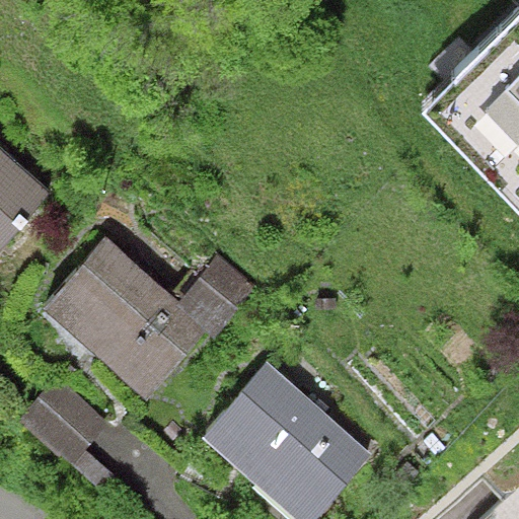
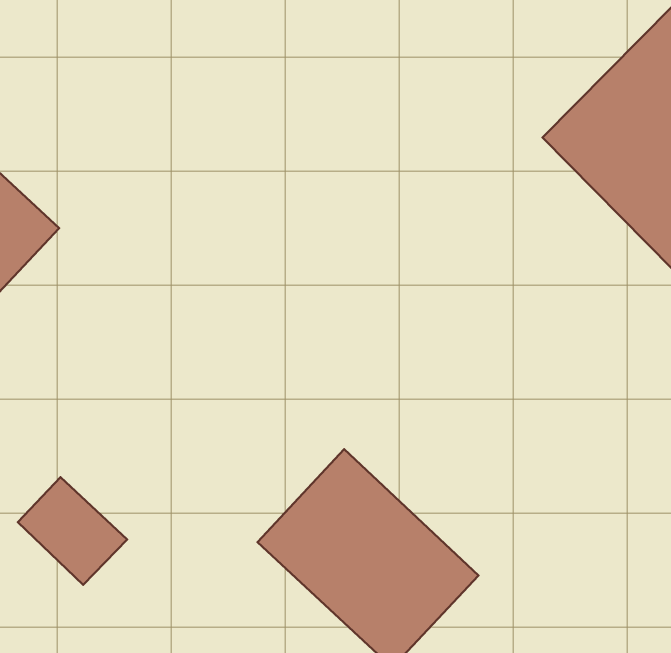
building: [44,236,260,400] -> none

